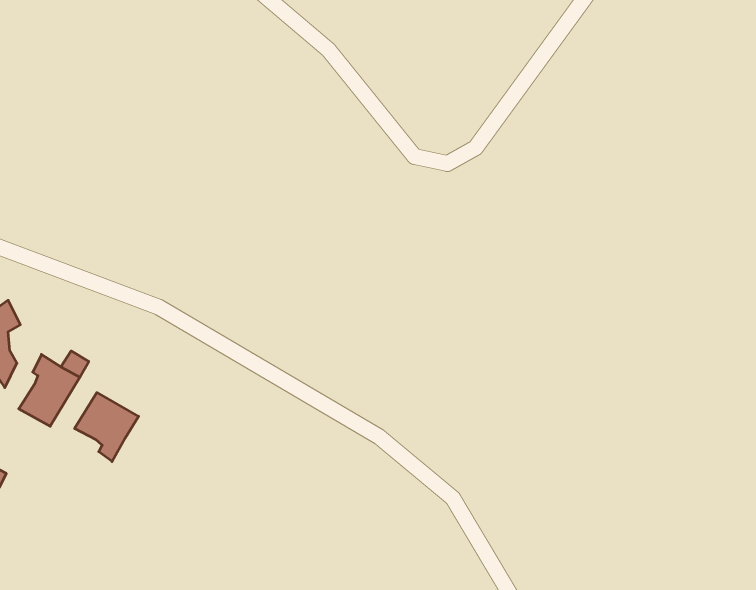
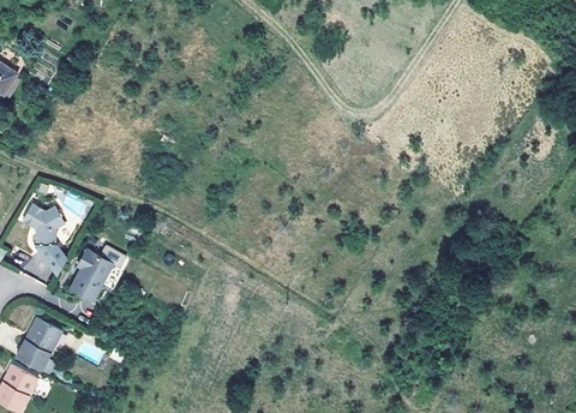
building: [75,393,139,462] -> none

